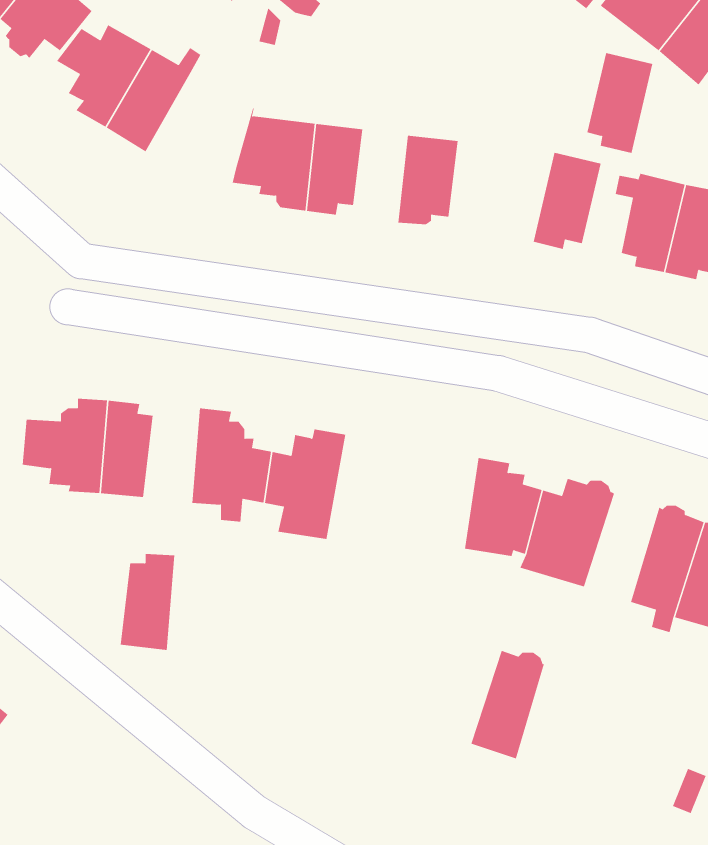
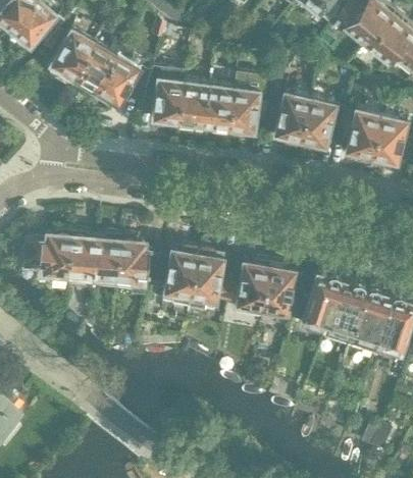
building: [586,52,653,154] -> [274,91,310,145]
building: none -> [92,54,149,106]
building: none -> [203,85,231,135]
building: none -> [189,248,223,307]
building: none -> [225,257,269,309]
building: [120,553,175,651] -> [91,232,120,284]
building: [471,650,545,759] -> [326,279,366,337]

